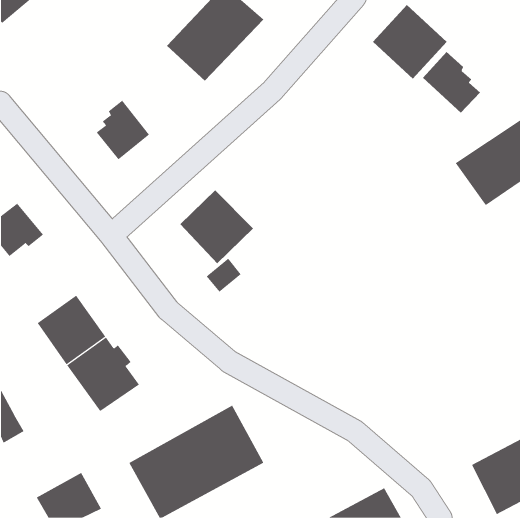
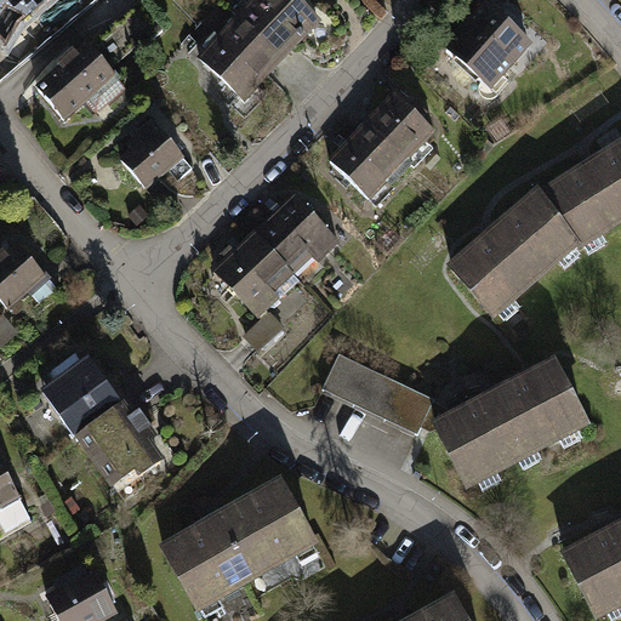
building: none -> [30,42,112,123]
building: [422,51,481,114] -> none
building: none -> [324,89,439,206]
building: none -> [257,188,342,272]
building: none -> [451,190,576,314]
building: none -> [319,351,431,432]
building: none -> [432,361,582,482]

